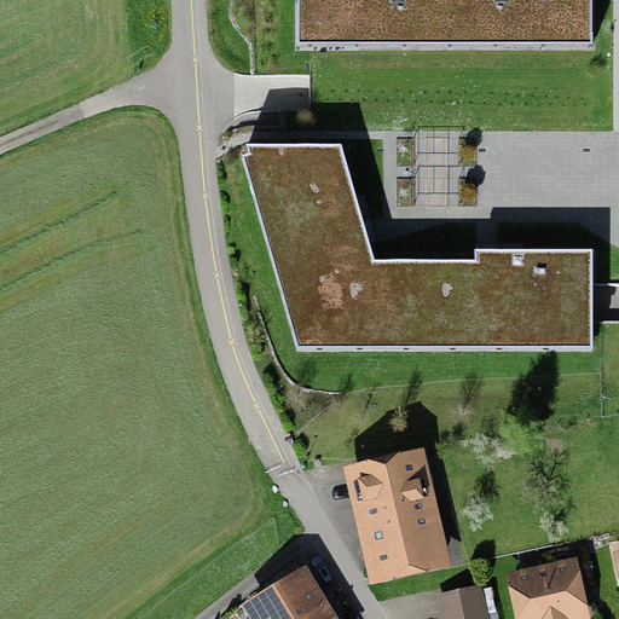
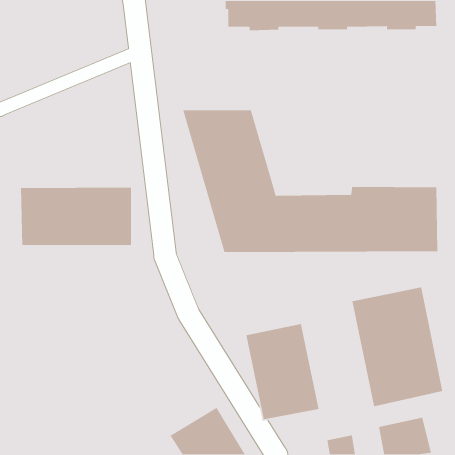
building: none -> [20,187,132,246]
building: none -> [352,287,443,407]

